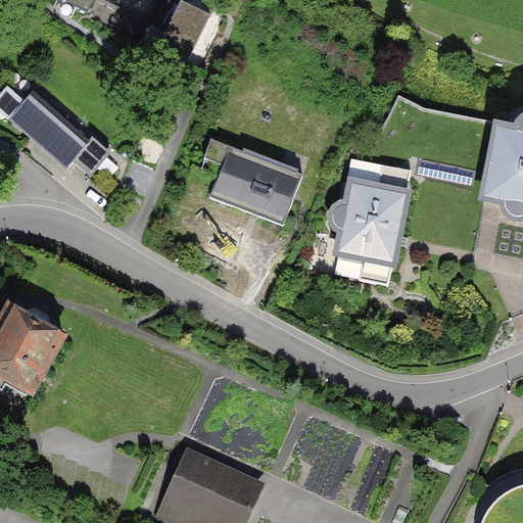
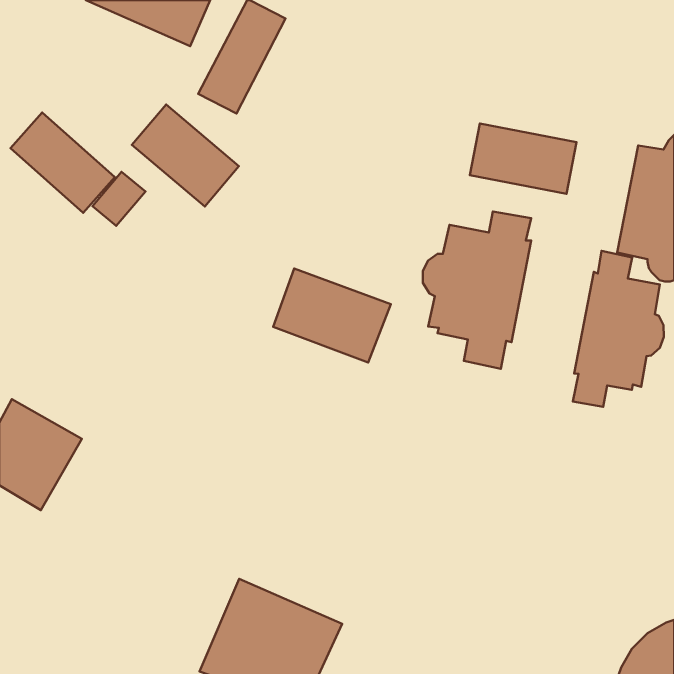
building: none -> [132,105,239,206]
building: none -> [470,123,576,194]
building: [209,148,300,221] -> [273,269,391,362]
building: none -> [573,251,664,407]

